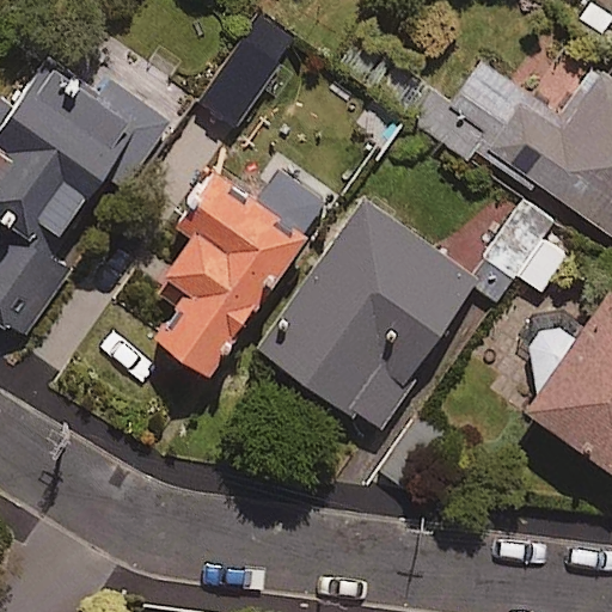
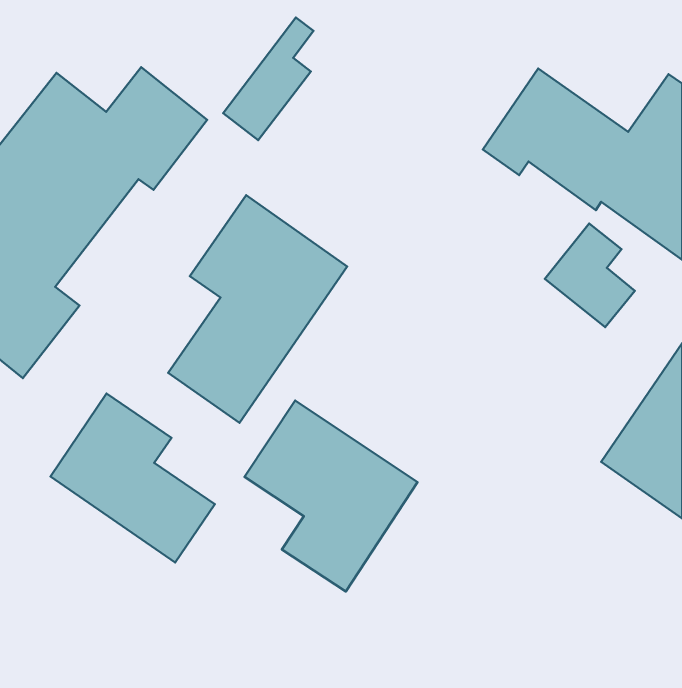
building: [259,201,477,428] -> none
building: none -> [51,393,215,562]
building: none -> [244,400,417,591]

